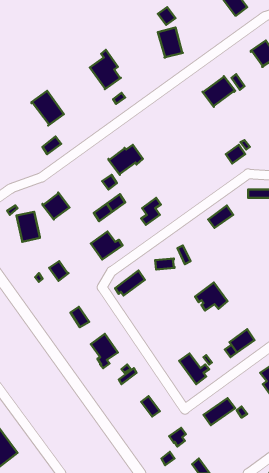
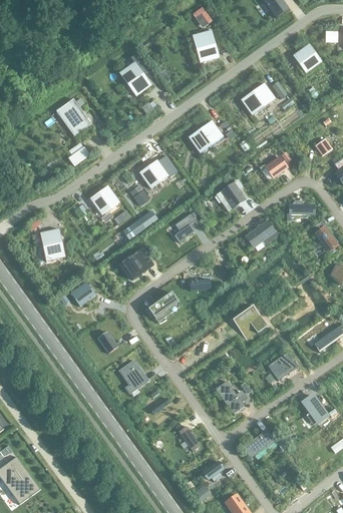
building: none -> [188,120,223,152]
building: none -> [215,179,245,207]
building: [43,193,69,220] -> [89,185,118,214]

